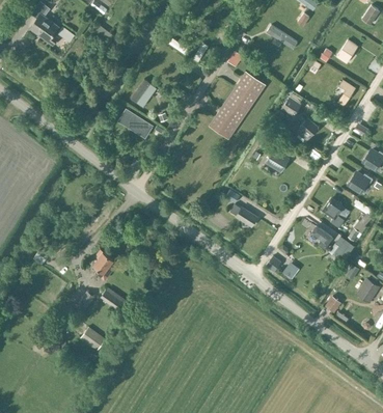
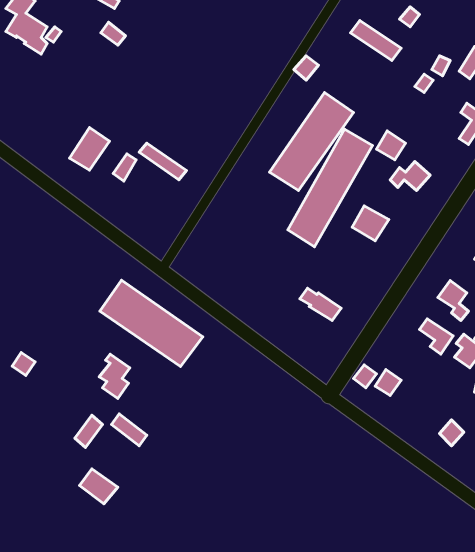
building: [132,78,159,107] -> [70,127,109,170]
building: none -> [288,129,372,247]
building: none -> [100,280,203,366]

